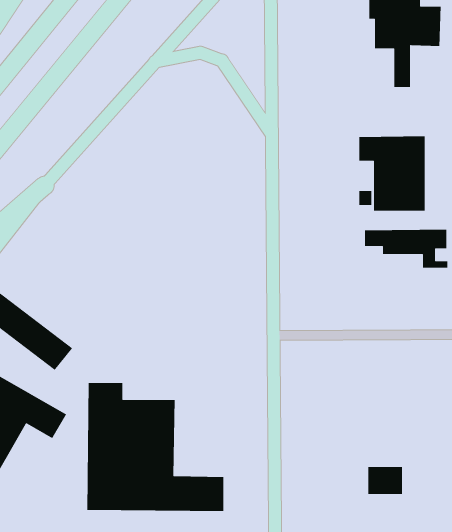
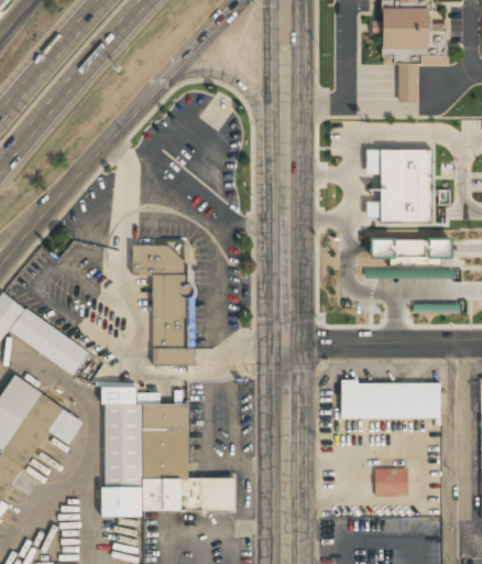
building: none -> [132,245,190,365]
building: none -> [340,381,441,419]

